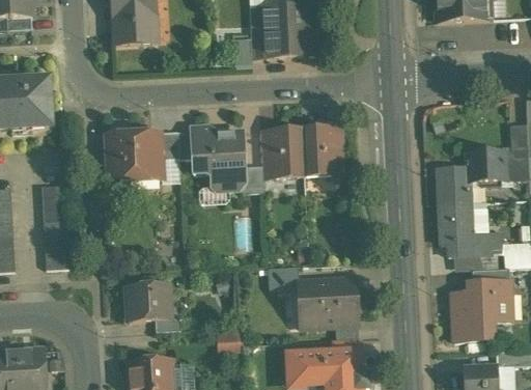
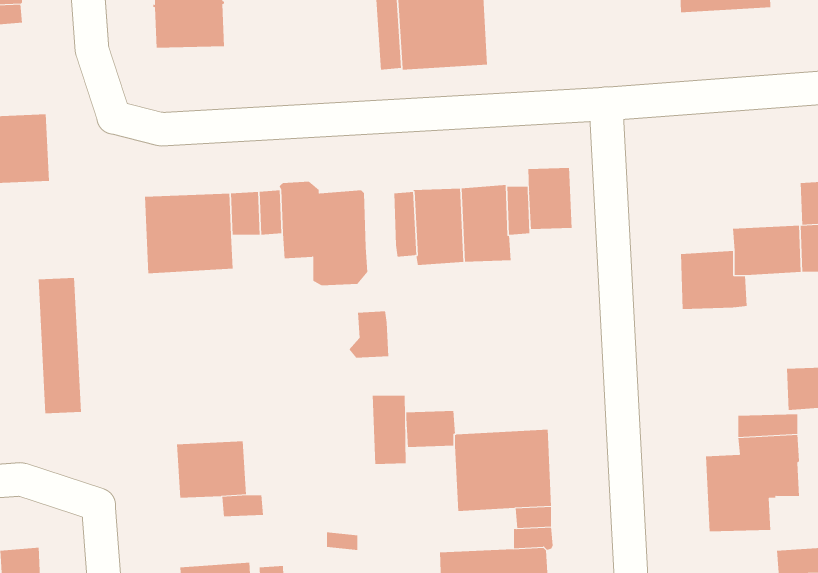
building: none -> [528,167,572,230]
building: [239,164,263,193] -> [349,311,389,358]
building: [438,202,493,255] -> none
building: none -> [372,395,406,465]

